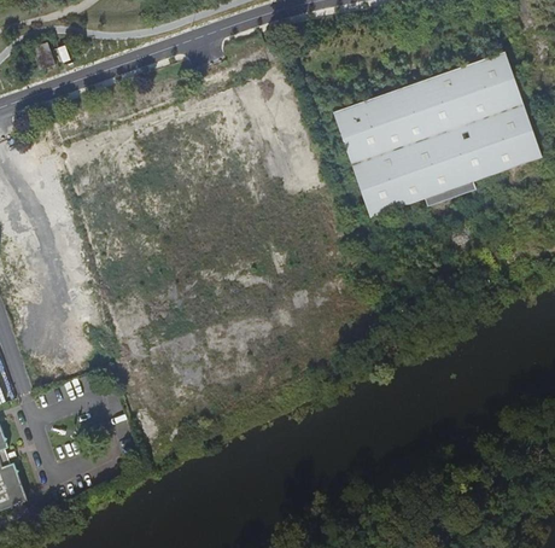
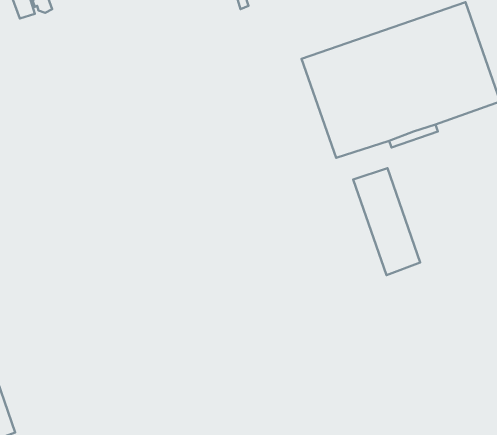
building: none -> [353,168,420,275]

